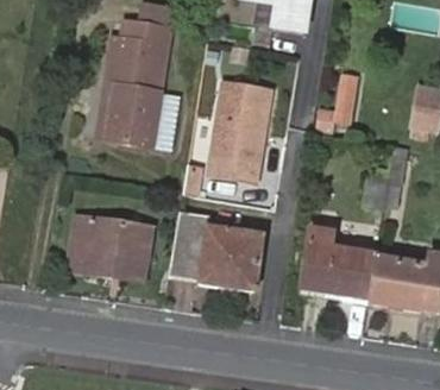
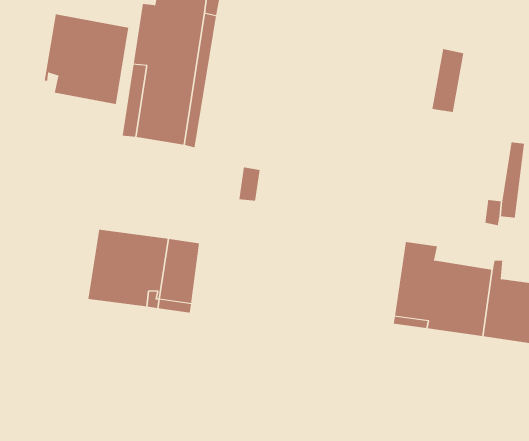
building: none -> [44,13,129,105]
building: [209,80,270,178] -> none
building: [169,208,265,285] -> none

